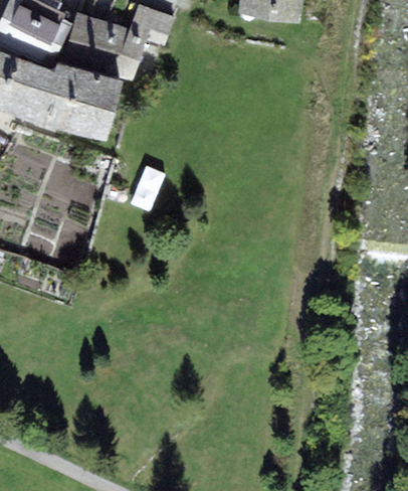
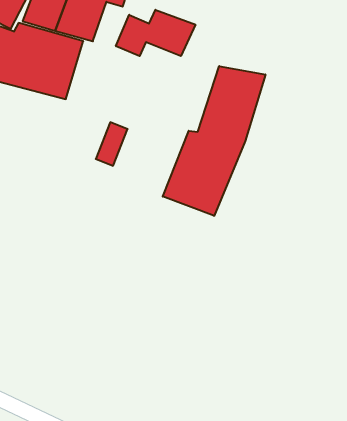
building: none -> [116,10,195,56]
building: none -> [163,66,265,216]

